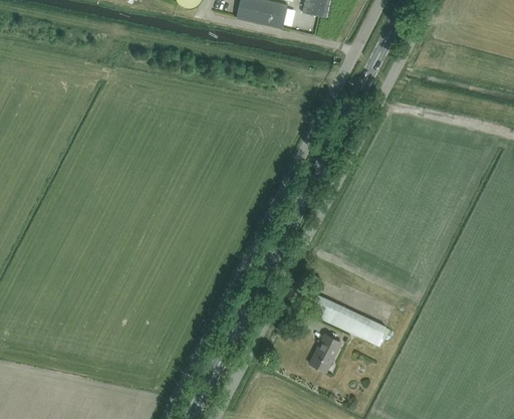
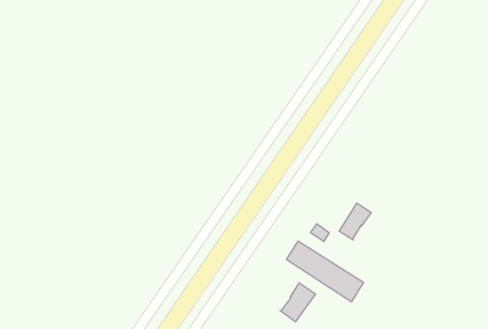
building: none -> [339,203,371,240]

